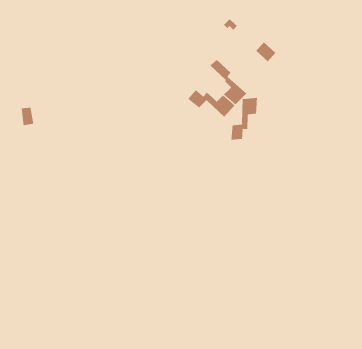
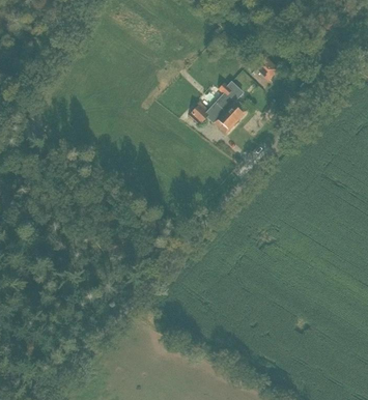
building: [231,97,258,140] -> none

